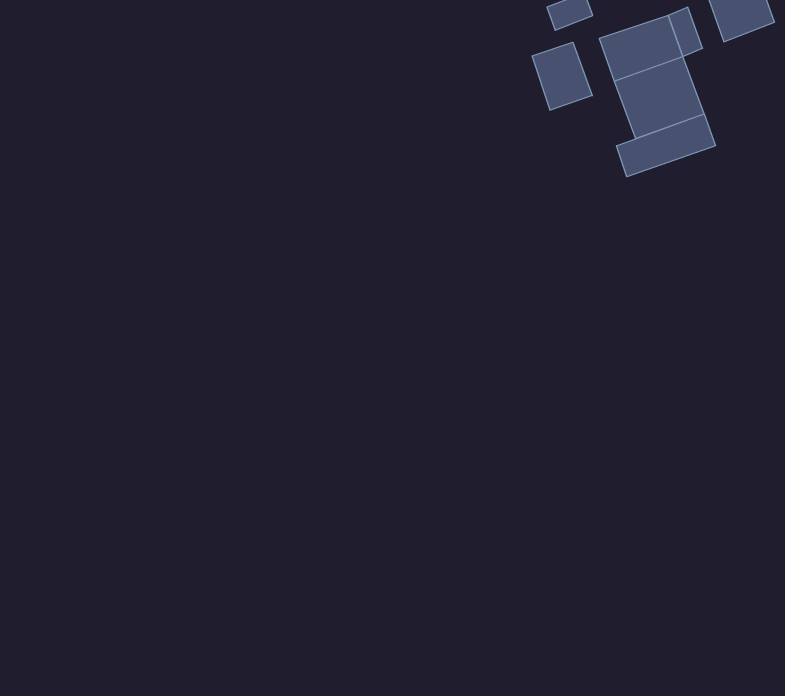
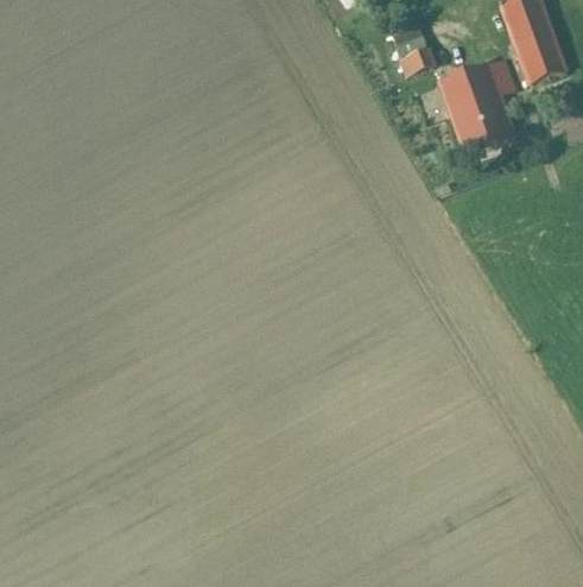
building: [532,42,592,110] -> none
building: [617,114,715,177] -> none

